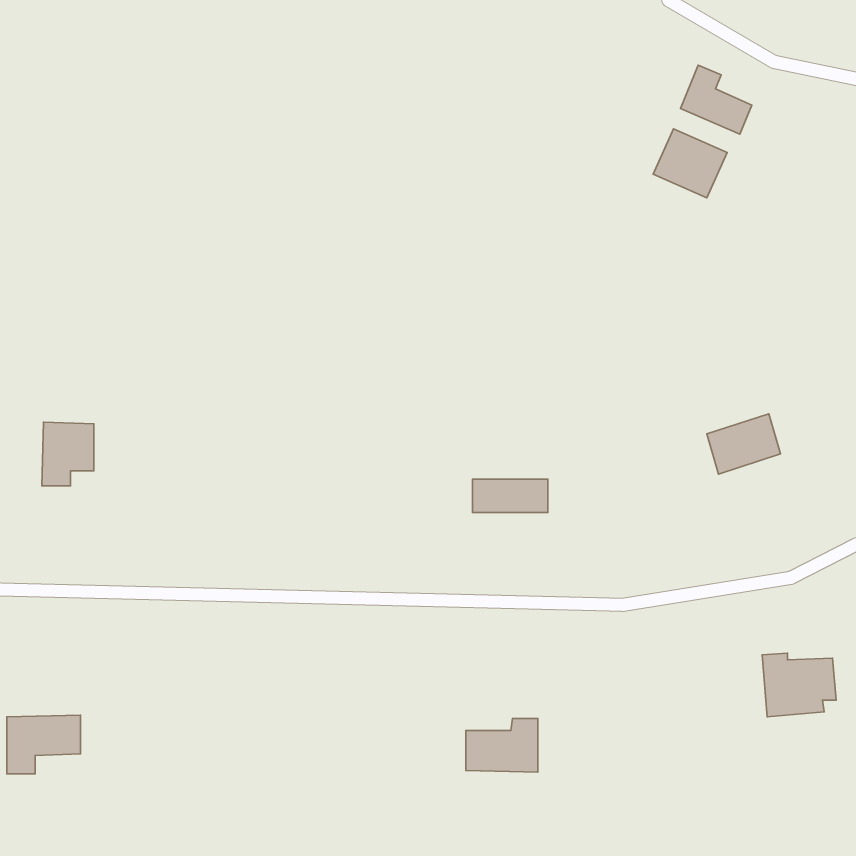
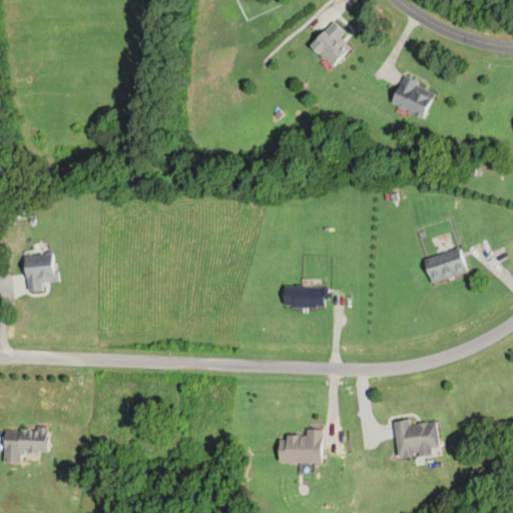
building: none -> [309,21,351,67]
building: [681,65,752,134] -> none
building: [762,653,836,717] -> [394,420,438,458]

